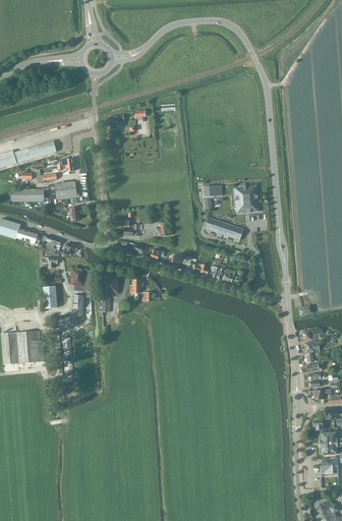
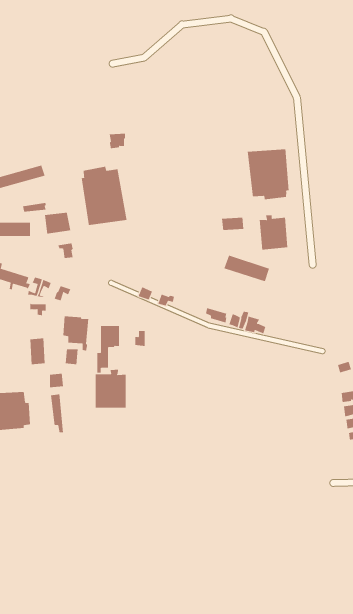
building: none -> [247,148,289,200]
building: none -> [81,166,127,226]
building: none -> [95,369,126,409]

